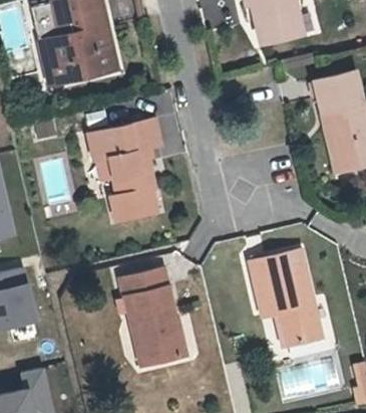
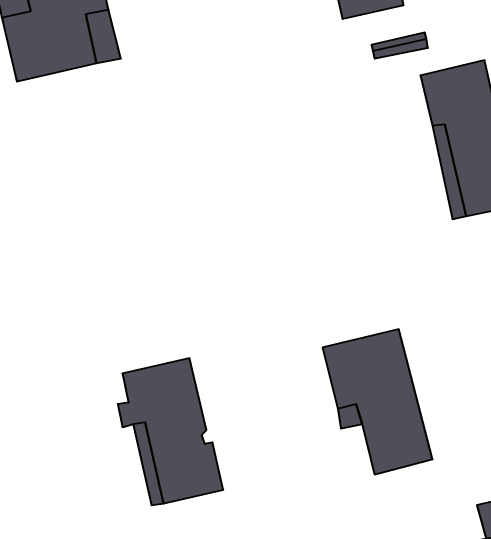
building: [89,119,160,221] -> none

